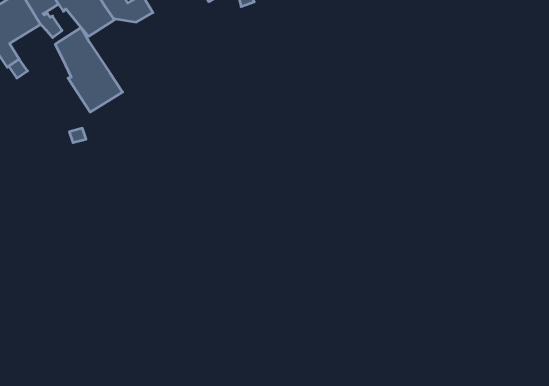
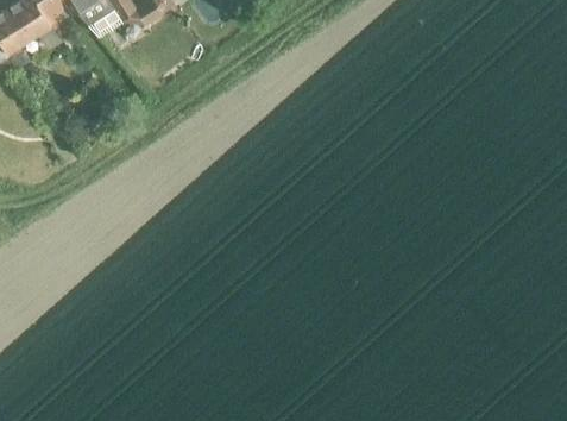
building: [55,28,123,112] -> none

